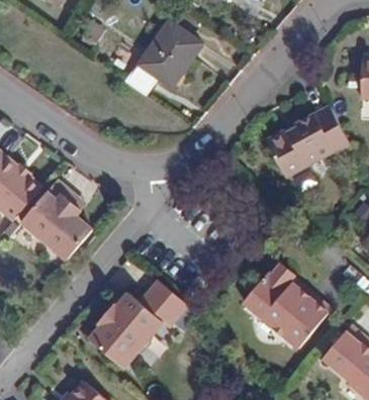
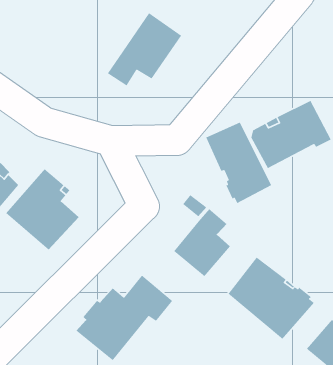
building: none -> [205,121,272,204]
building: none -> [173,208,231,277]

